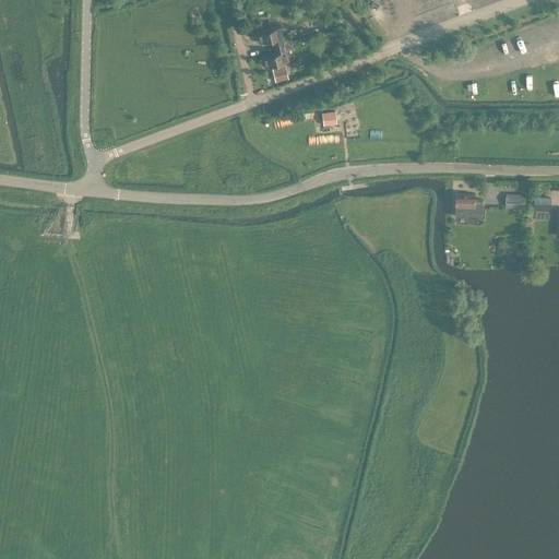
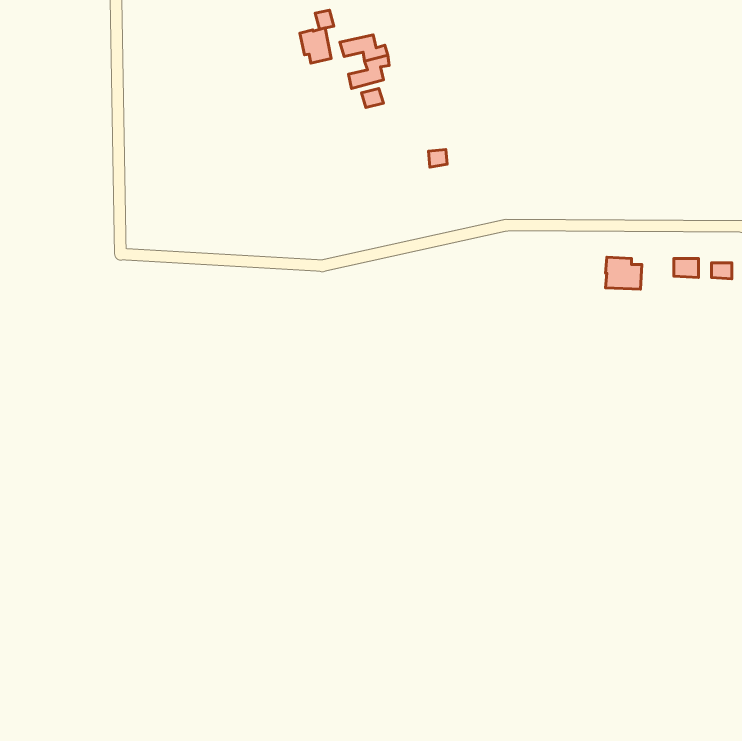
building: none -> [300,28,331,63]

